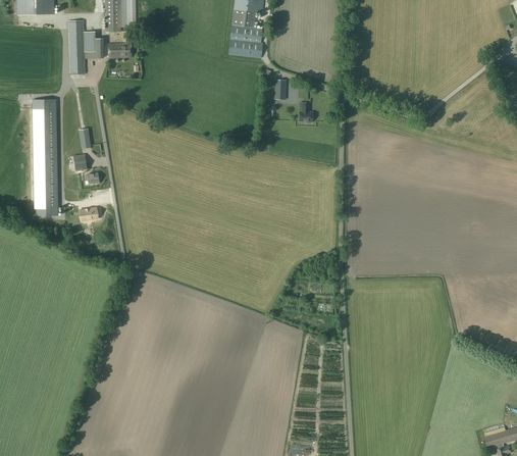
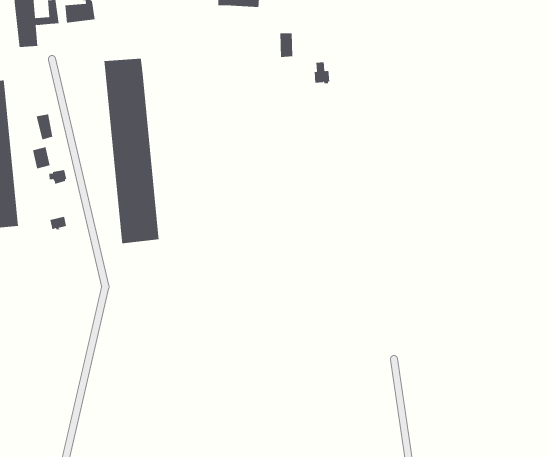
building: none -> [104,58,159,244]

